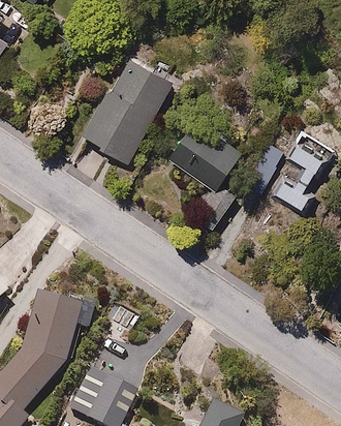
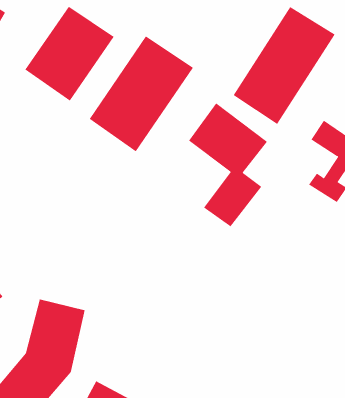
building: none -> [25,6,115,102]
building: none -> [233,6,335,125]

